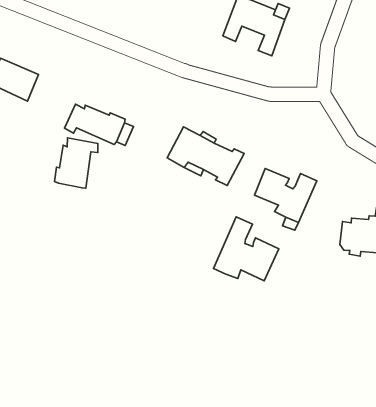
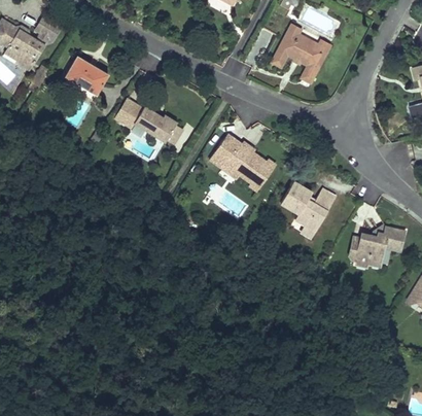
building: [54,138,98,188] -> none
building: [213,217,279,281] -> none

